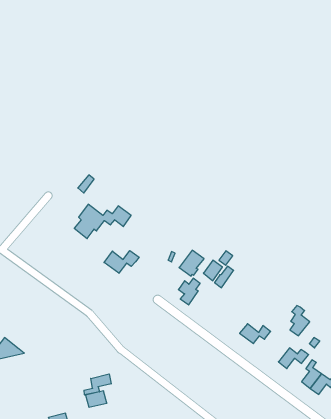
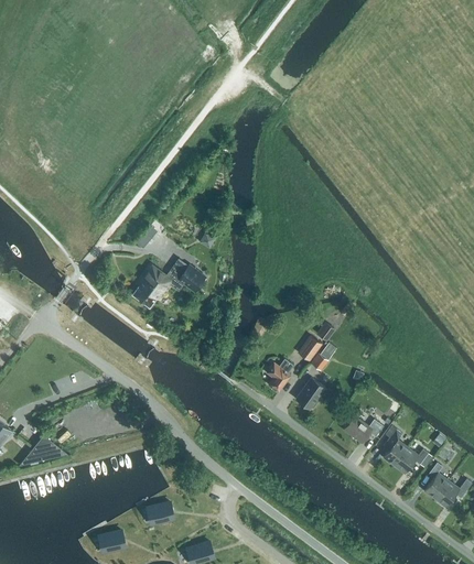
building: [179,250,204,276] -> [294,376,326,409]
building: [104,251,139,273] -> none
building: [290,306,310,336] -> [383,425,408,464]
building: [84,374,111,395] -> none

